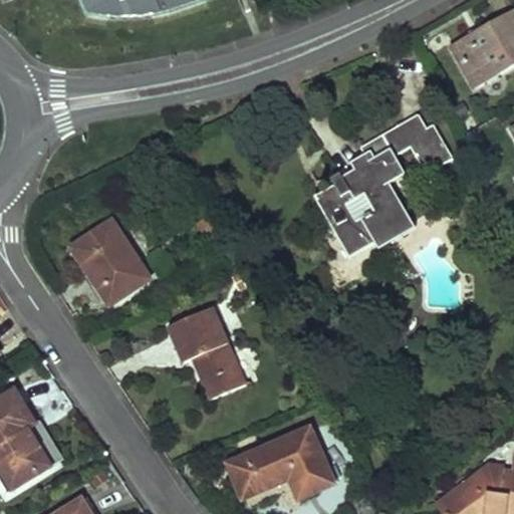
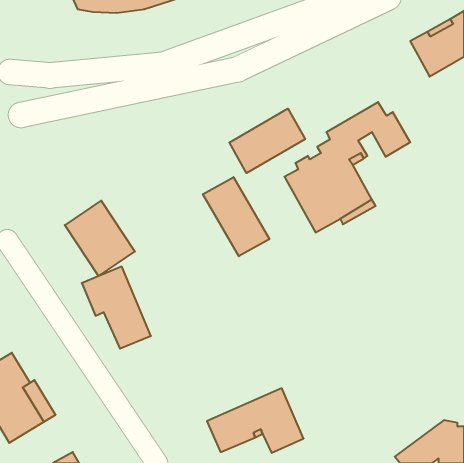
building: none -> [229,109,305,173]
building: none -> [203,177,269,256]
building: [168,307,244,398] -> [82,267,151,349]

